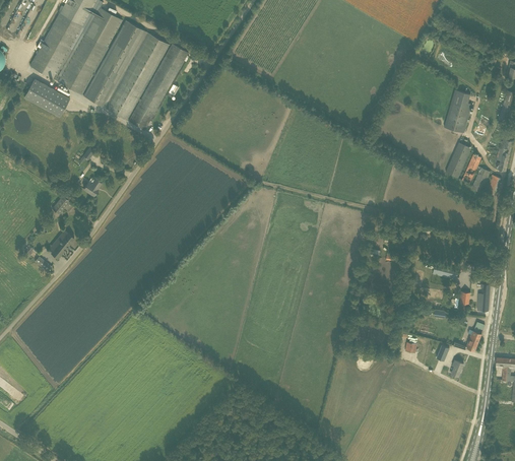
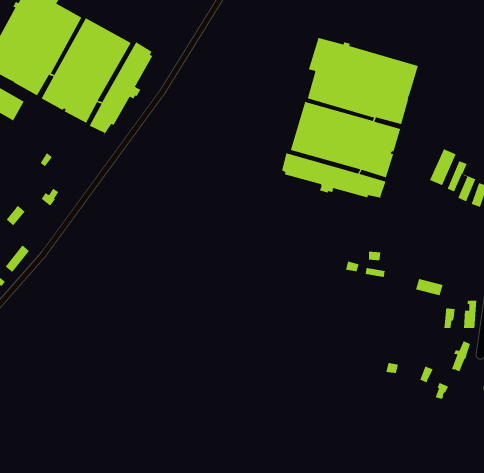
building: none -> [281,37,418,199]
building: [443,89,471,133] -> none

